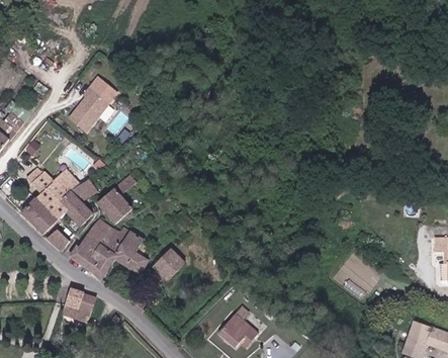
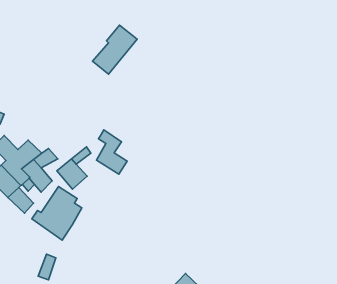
building: [68,76,116,129] -> [93,25,137,74]
building: [114,228,148,276] -> [97,130,127,174]
building: [153,249,189,282] -> none
building: [63,287,86,318] -> none

